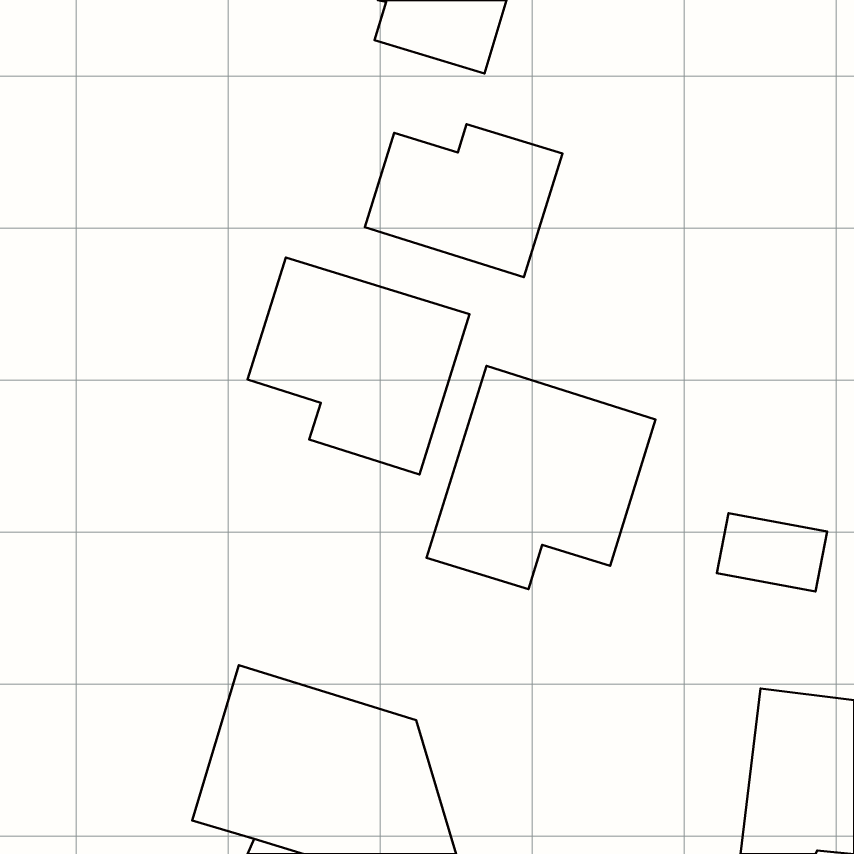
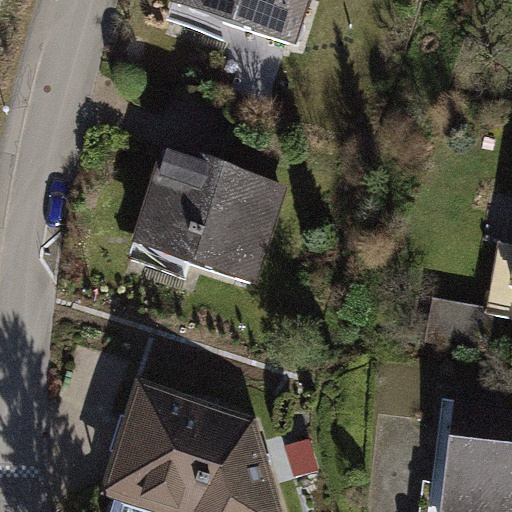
building: [365,124,562,277] -> none
building: [426,366,656,589] -> none

